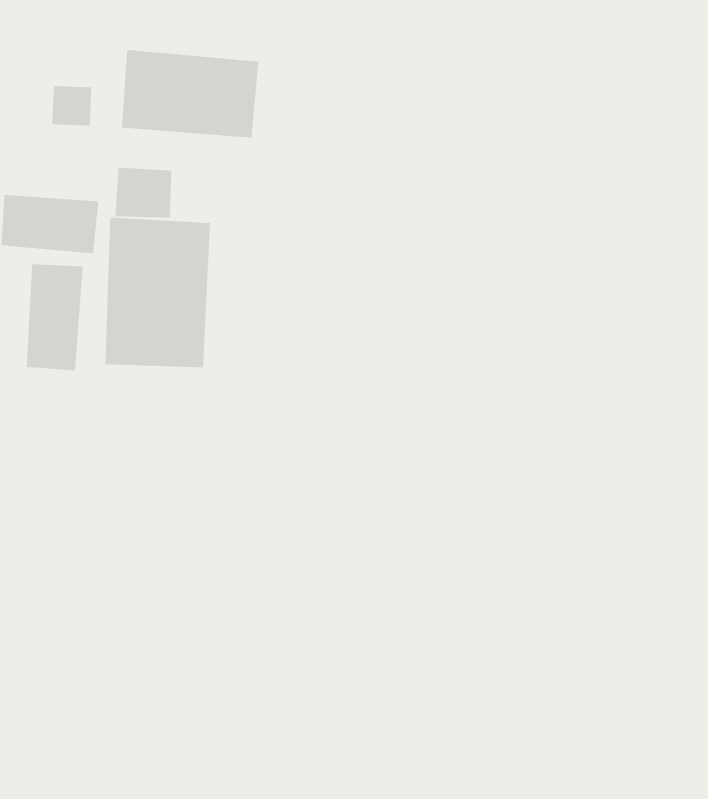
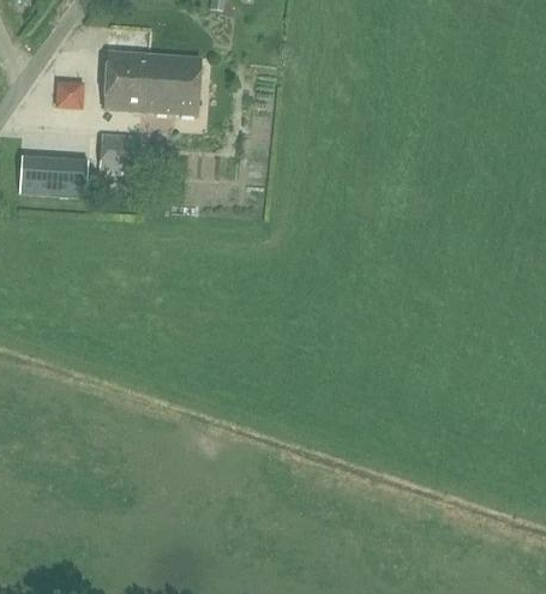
building: [105,217,211,368] -> none
building: [26,263,83,371] -> none

